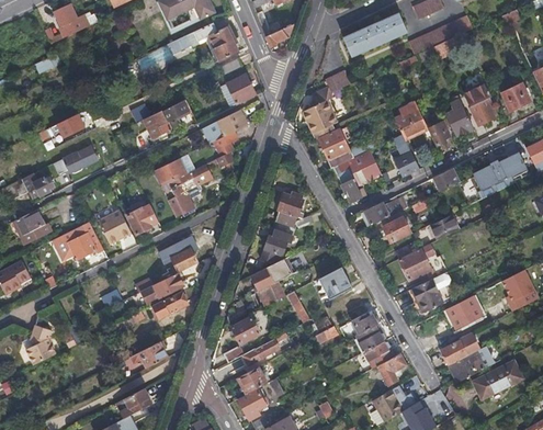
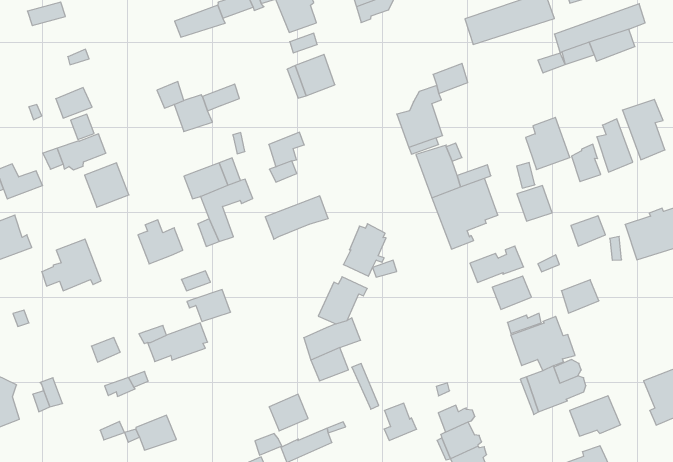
building: [202,110,247,144] -> [265,196,328,239]
building: [98,211,131,244] -> [85,163,129,207]
building: [318,267,352,299] -> none
building: [152,292,189,319] -> none

